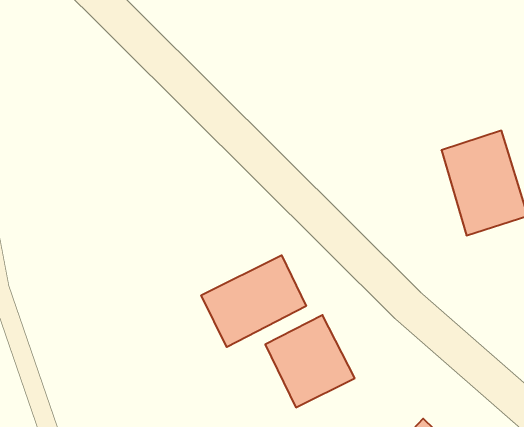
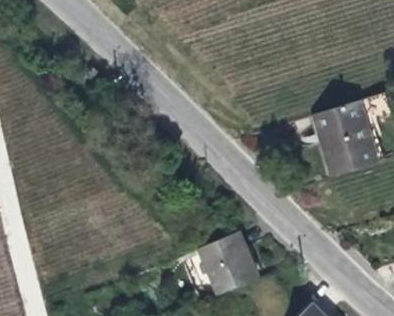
building: [201,255,306,347] -> none

